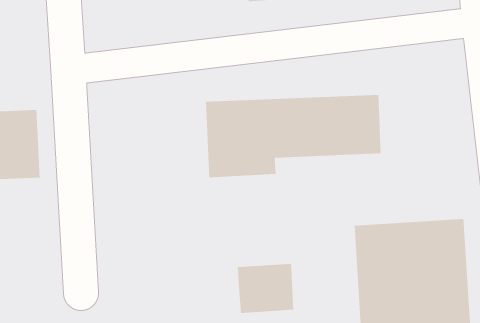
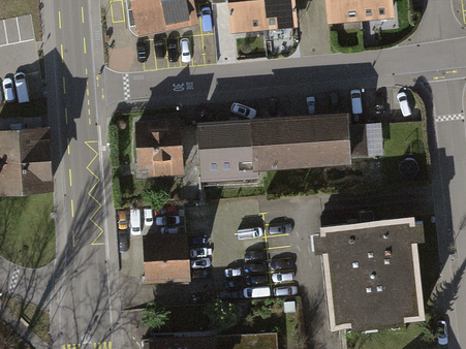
building: none -> [131,121,185,180]
building: [237,263,294,314] -> [142,235,193,281]

